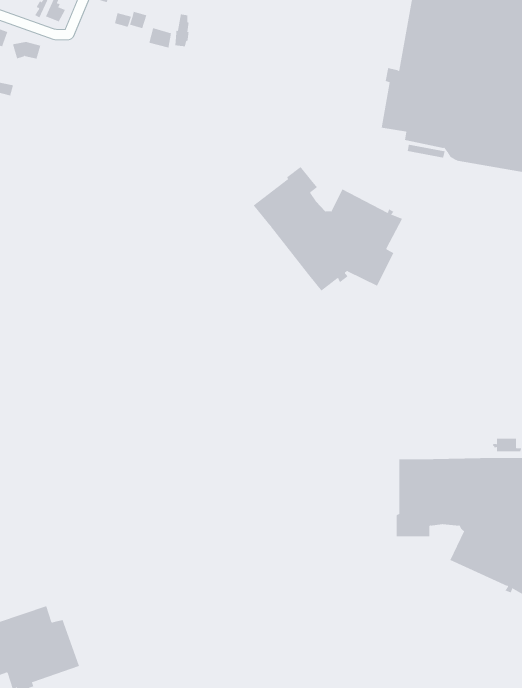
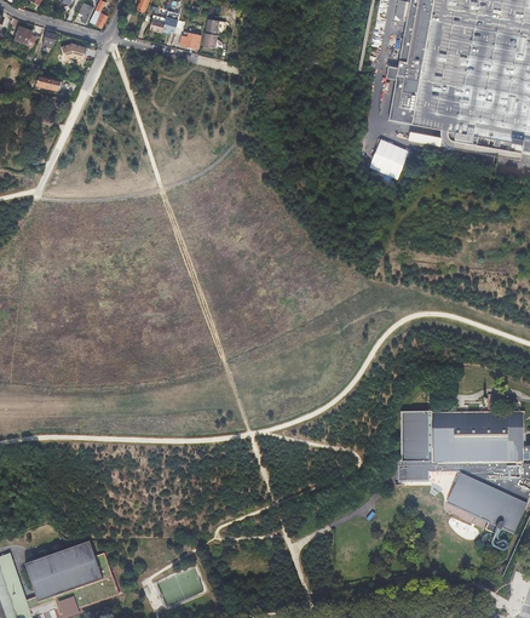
building: none -> [369,135,410,176]
building: [253,166,403,291] -> none

